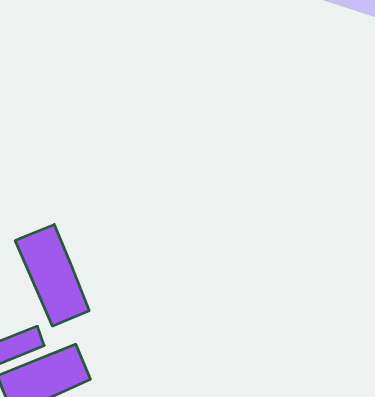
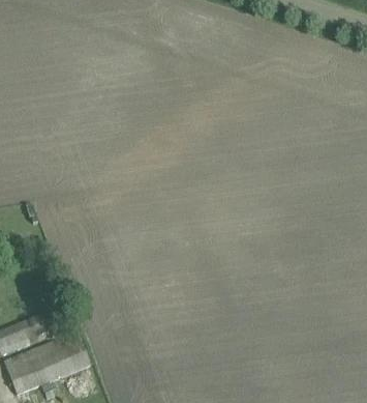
building: [15,224,89,326] -> none

